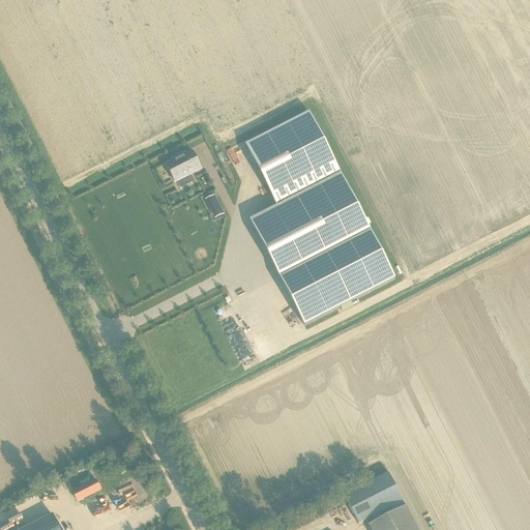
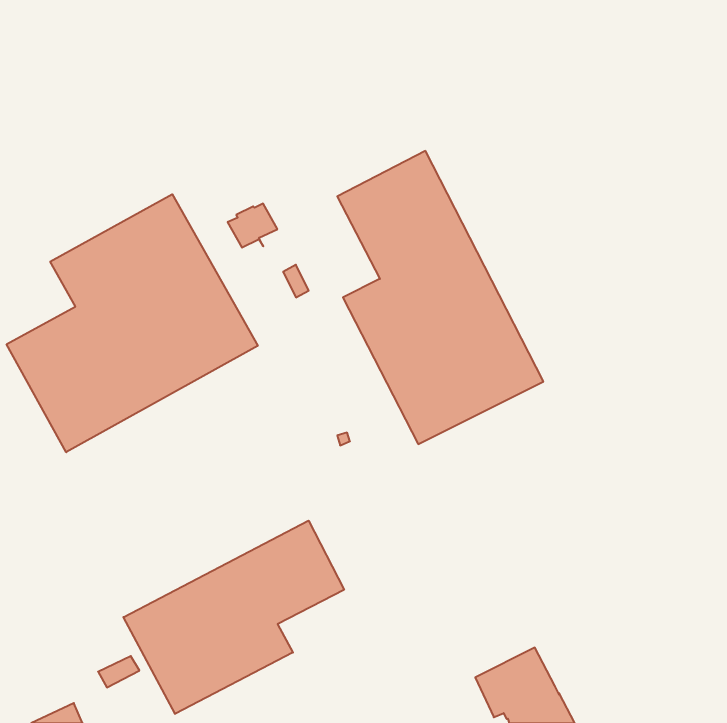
building: none -> [7,194,258,452]
building: none -> [123,521,344,714]

